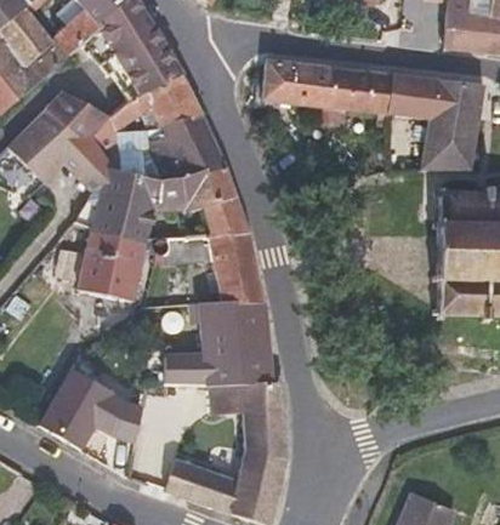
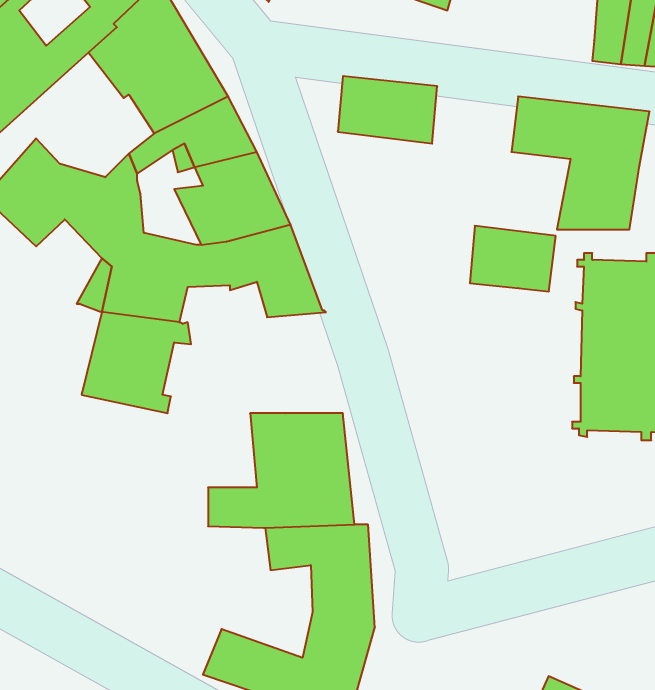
building: [329,67,391,114] -> [470,226,556,291]
building: [44,90,110,132] -> none
building: [153,229,265,302] -> none
building: [41,369,144,449] -> none

